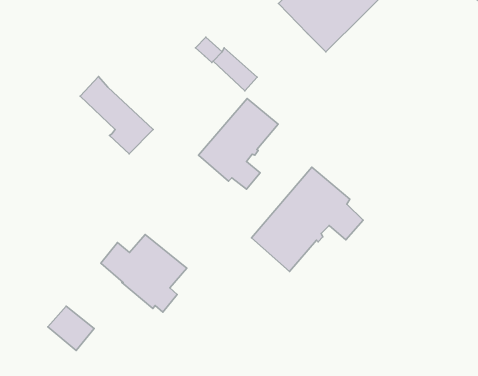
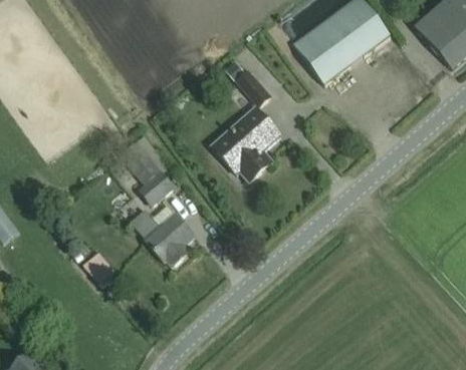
building: [80,77,153,154] -> [121,140,173,203]
building: [251,167,363,271] -> none

